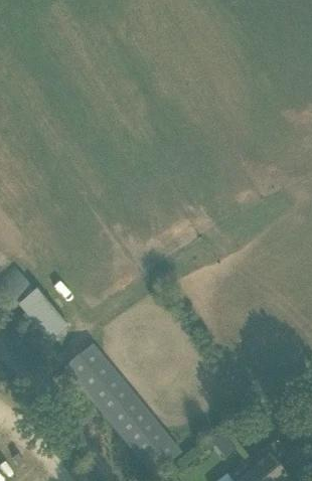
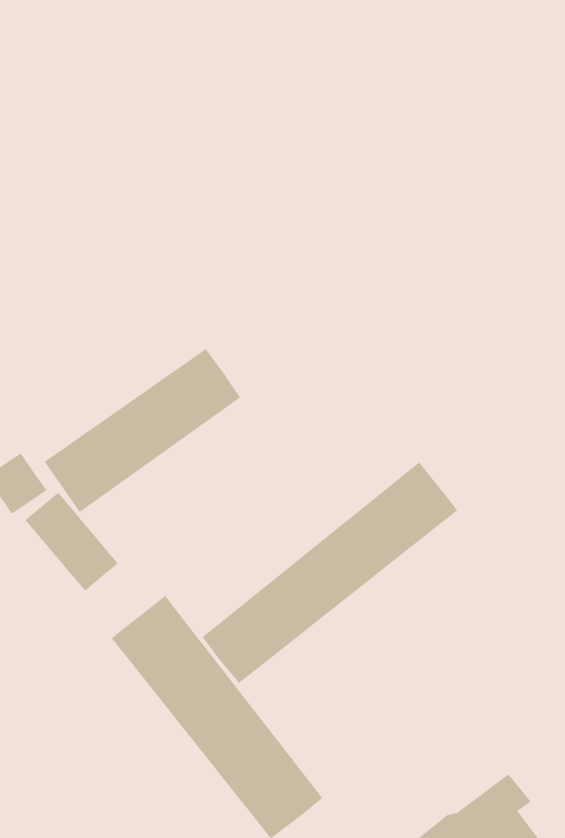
building: none -> [44,348,241,513]
building: none -> [202,462,458,684]

